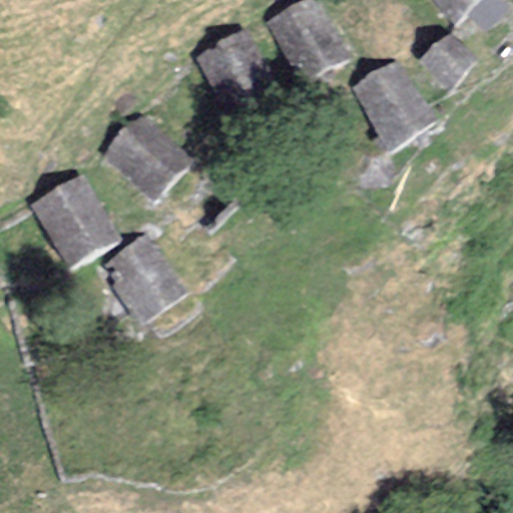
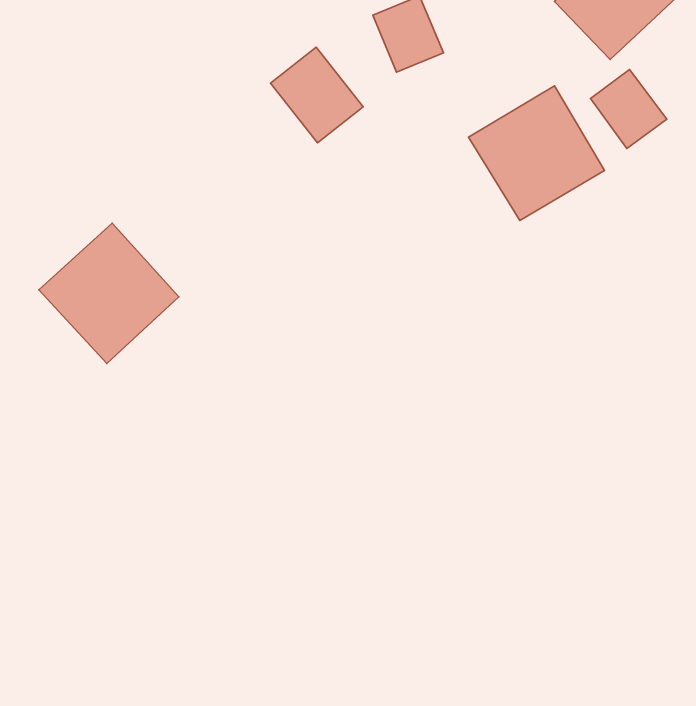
building: [105,106,186,186] -> none
building: [100,234,189,322] -> none

